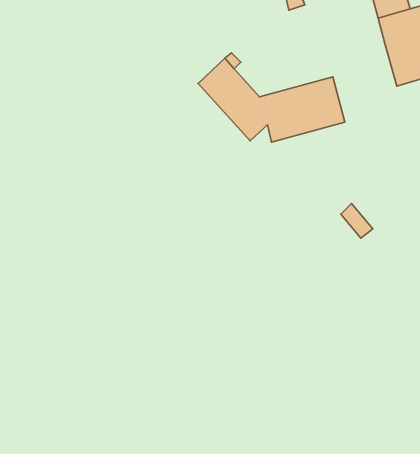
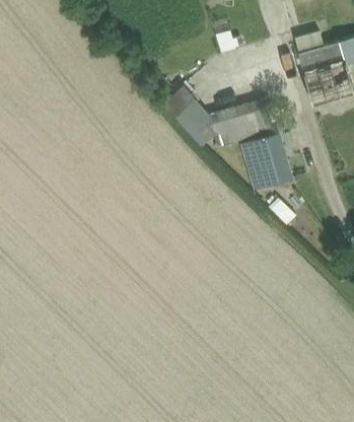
building: none -> [239,133,292,191]

